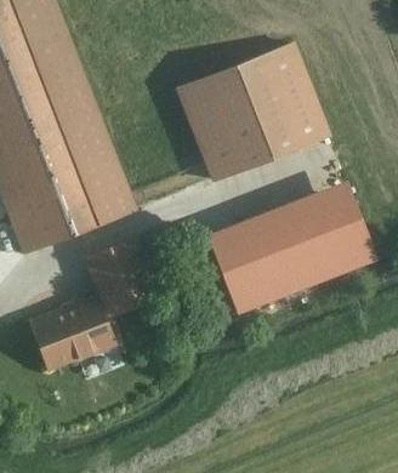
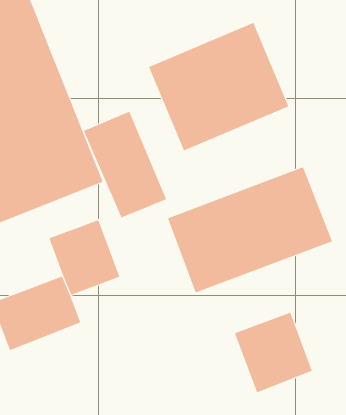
building: none -> [83,111,167,218]
building: none -> [234,312,312,393]

